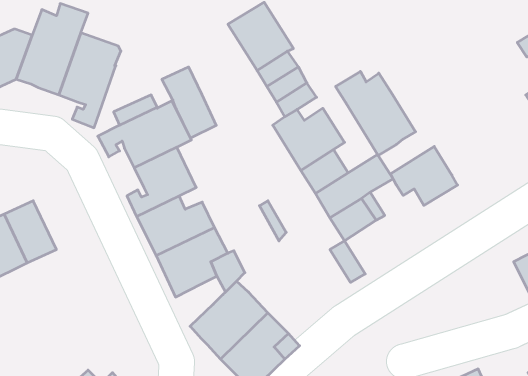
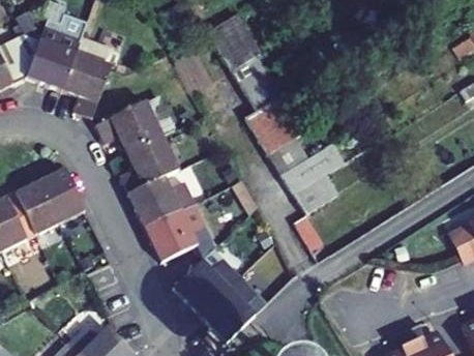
building: [162,67,216,138] -> none
building: [336,71,416,156] -> none
building: [390,146,458,205] -> none
building: none -> [40,169,85,222]

